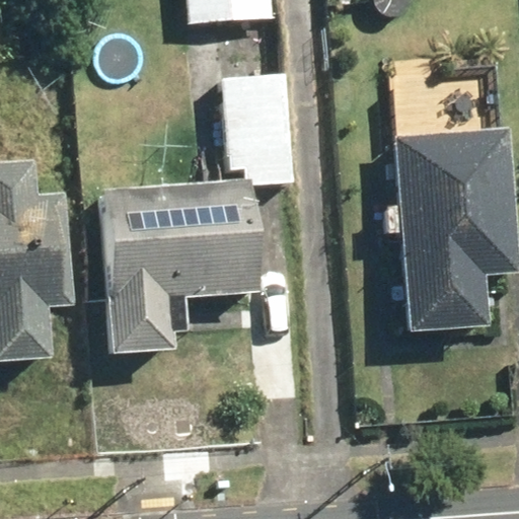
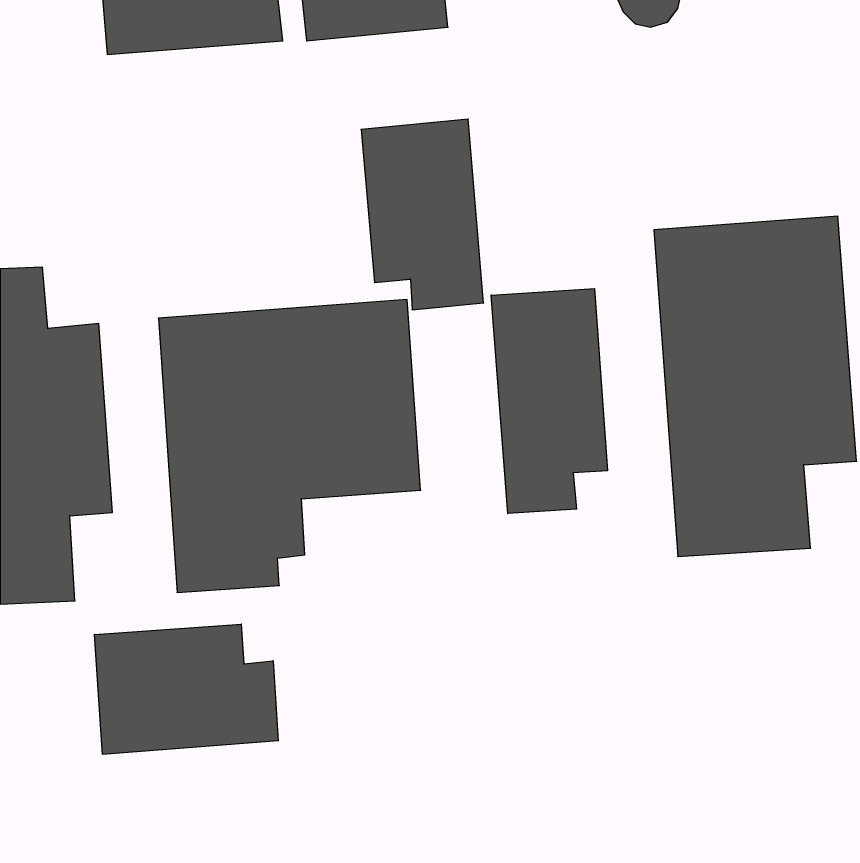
building: none -> [491,289,607,514]
building: none -> [94,624,278,754]

